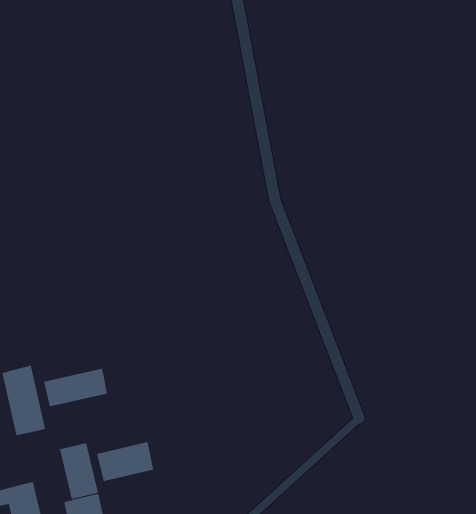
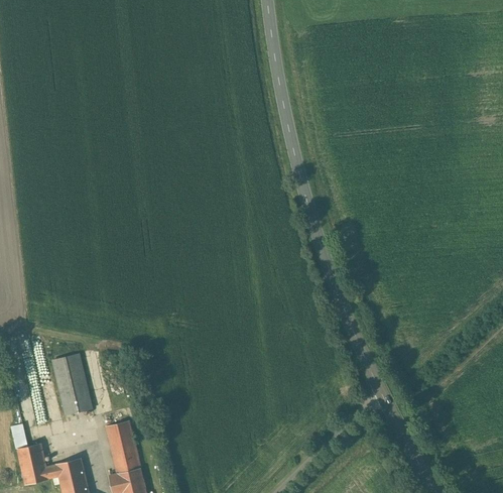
building: [44,368,107,407] -> none
building: [97,441,154,482] -> none

